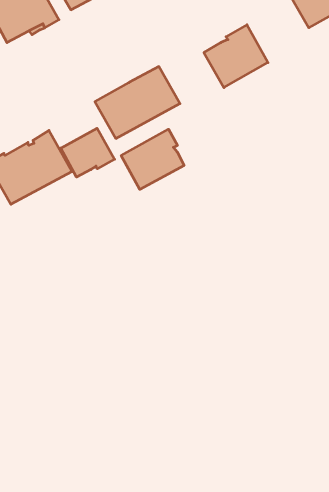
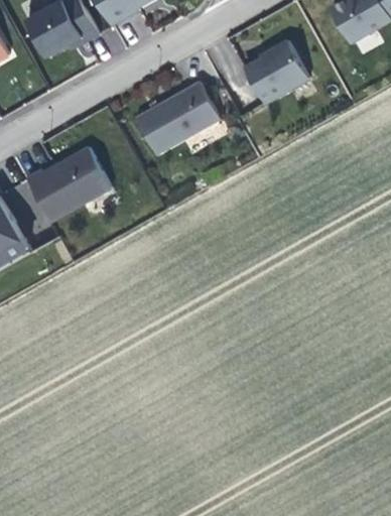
building: [61,128,115,177] -> none
building: [121,129,184,189] -> none

